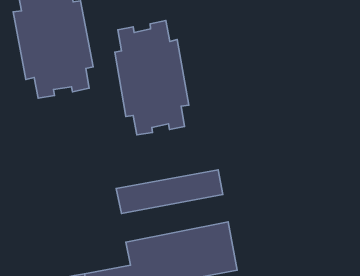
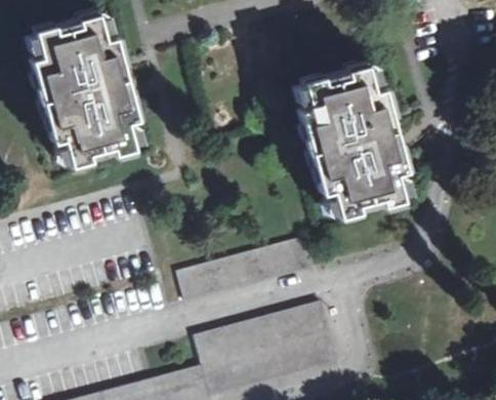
building: [115,21,189,135] -> none
building: none -> [297,64,402,214]

